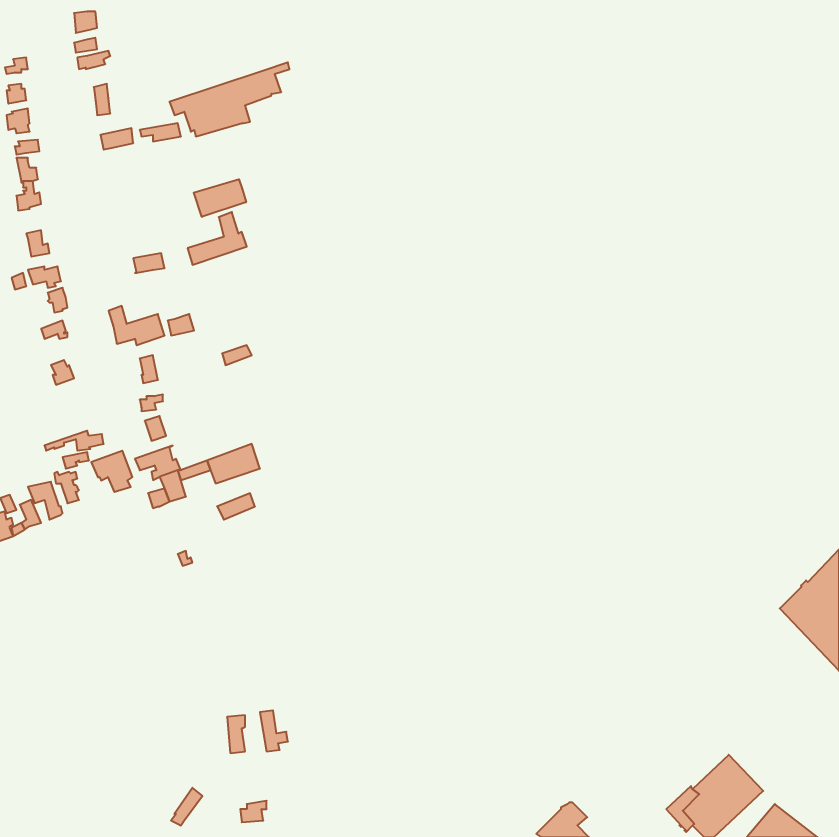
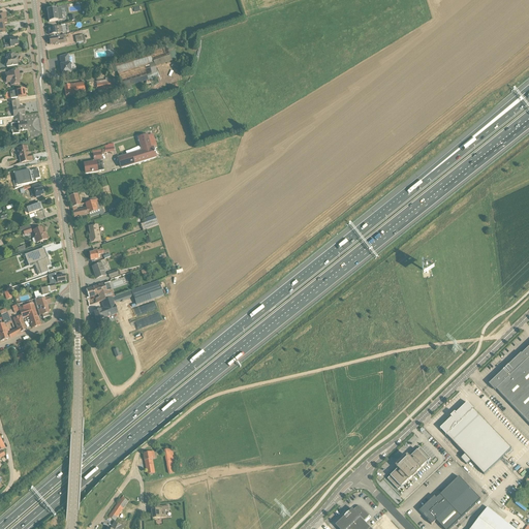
building: [194,179,246,217] -> none
building: [91,451,132,492] -> [24,247,50,273]
building: none -> [439,401,510,473]
building: none -> [386,446,430,488]

